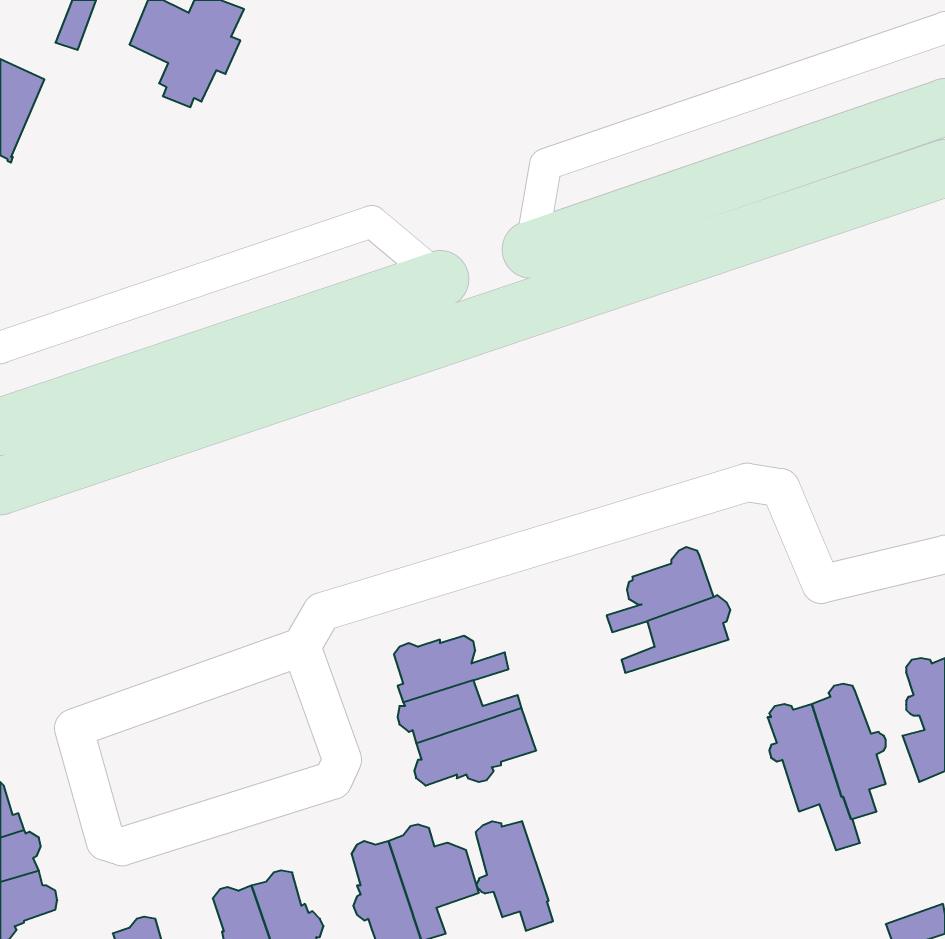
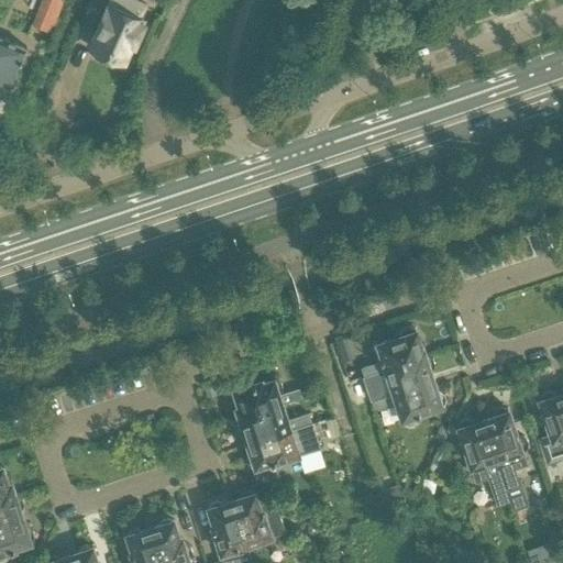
building: none -> [372,384,445,429]
building: [476,821,553,931] -> none

